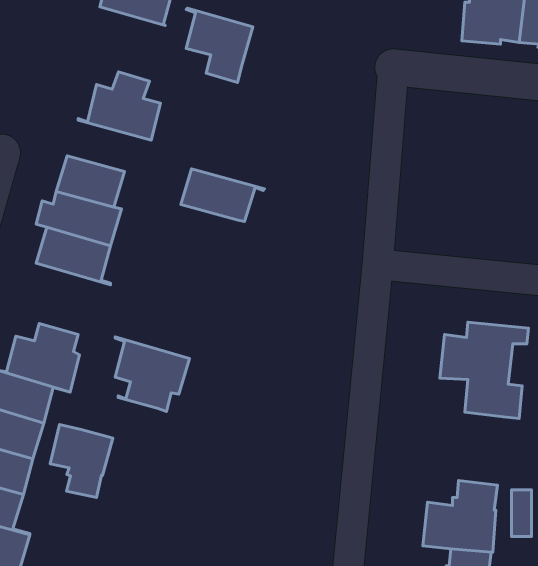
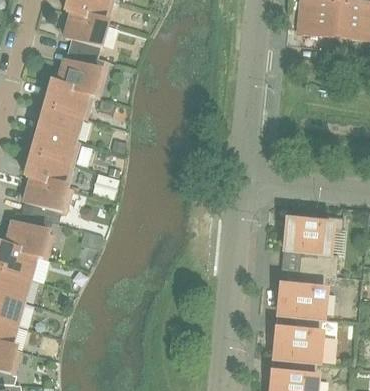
building: [186,8,253,83] -> [64,11,107,59]
building: [181,169,265,222] -> [44,84,98,118]
building: [115,337,190,411] -> [24,176,72,224]
building: none -> [278,272,325,319]
building: [50,425,113,498] -> none

